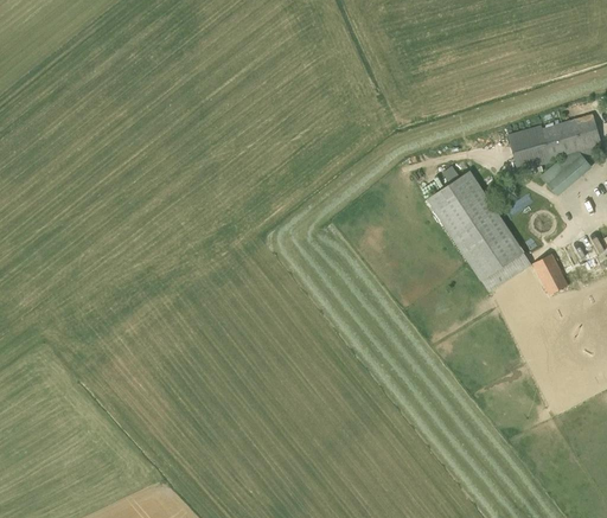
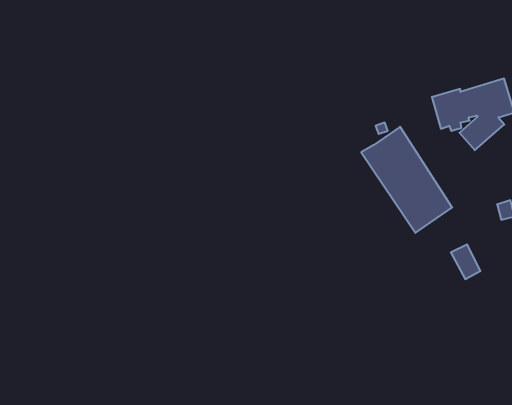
building: [532,252,567,293] -> [451,244,480,279]

